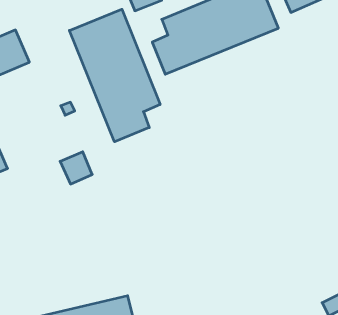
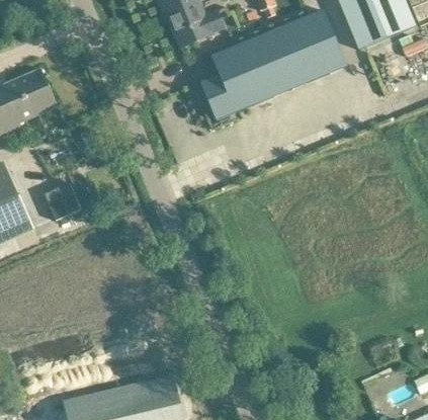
building: [69,9,160,142] -> none
building: [60,152,92,184] -> [42,182,80,220]

